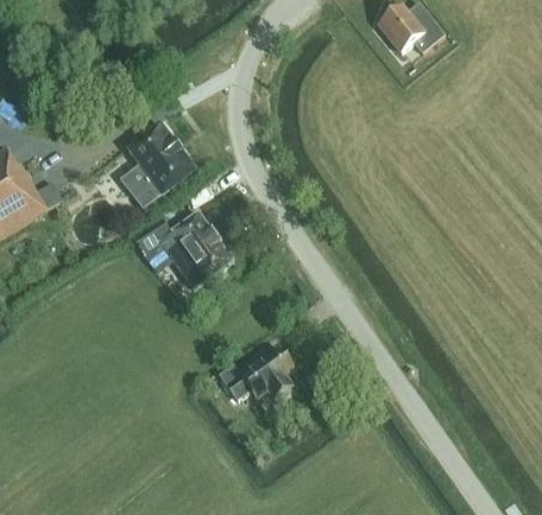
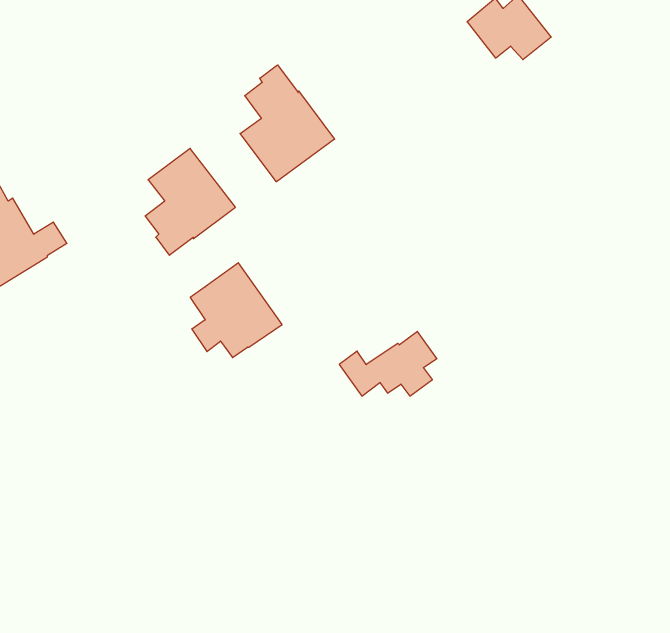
building: none -> [240,65,335,182]
building: [219,349,296,400] -> [339,331,437,396]

